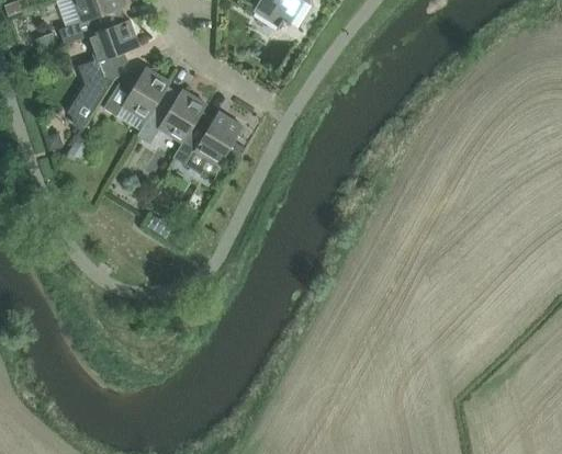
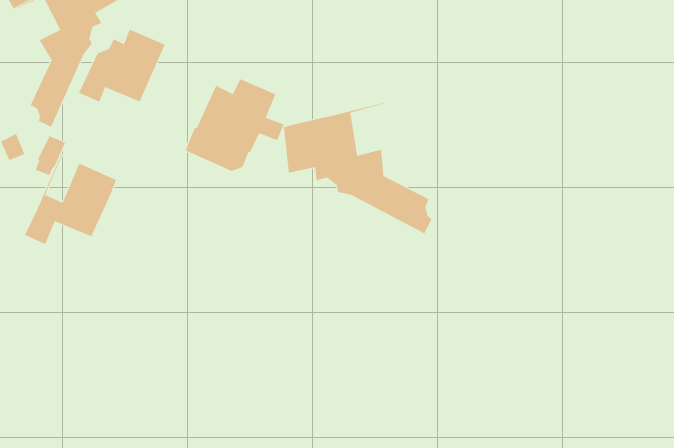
building: [135,81,205,144] -> [24,154,117,245]
building: none -> [284,102,432,234]

